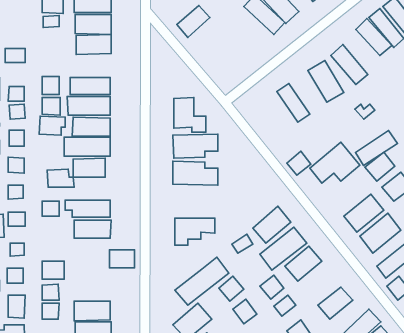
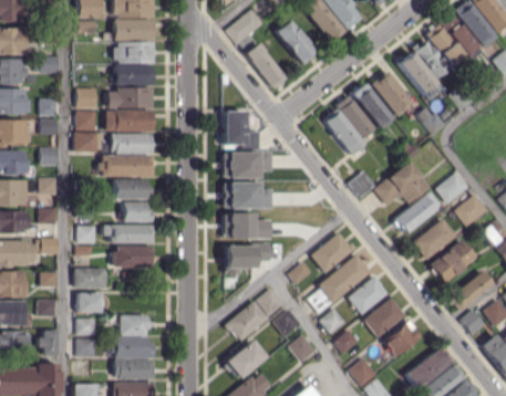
building: none -> [275,20,317,64]
building: none -> [414,41,448,77]
building: none -> [245,42,287,88]
building: none -> [114,64,154,85]
building: none -> [350,83,392,128]
building: none -> [322,108,365,155]
building: [356,130,398,165] -> [394,192,441,231]
building: [47,169,74,187] -> [123,201,153,221]
building: none -> [223,212,270,239]
building: none -> [75,268,106,289]
building: [109,250,134,268] -> [120,315,147,335]
building: none -> [363,298,405,337]

